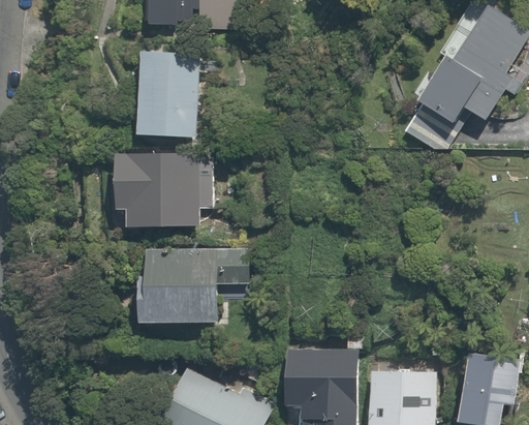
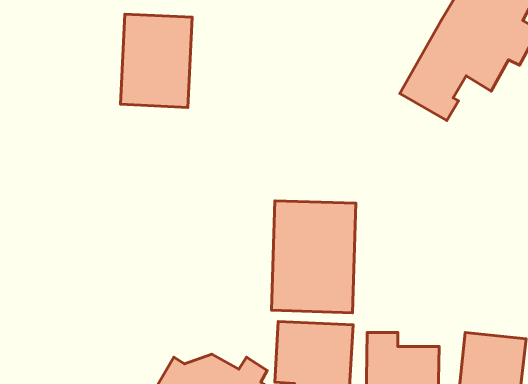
building: [106,154,221,227] -> none
building: none -> [272,201,356,313]
building: [137,245,248,328] -> none

